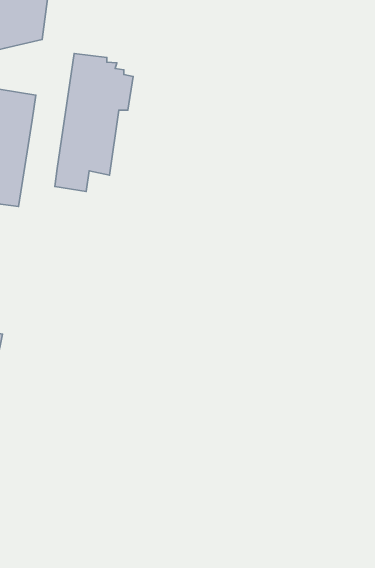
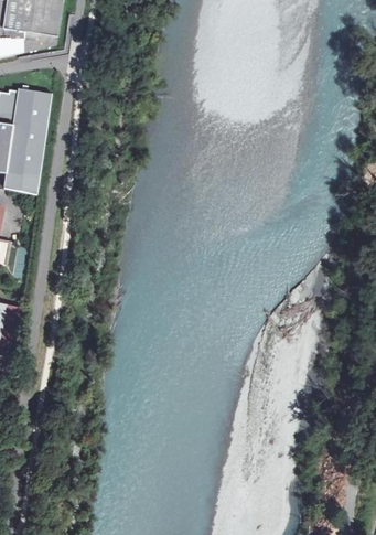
building: [55,53,133,192] -> none

